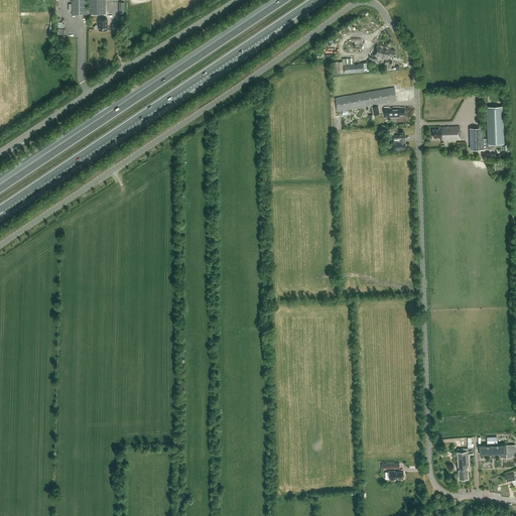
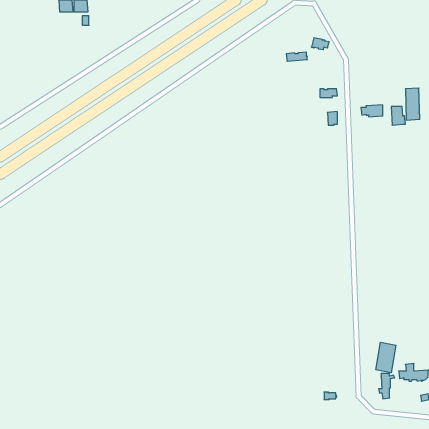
building: [335,87,397,112] -> none
building: none -> [376,342,396,373]

